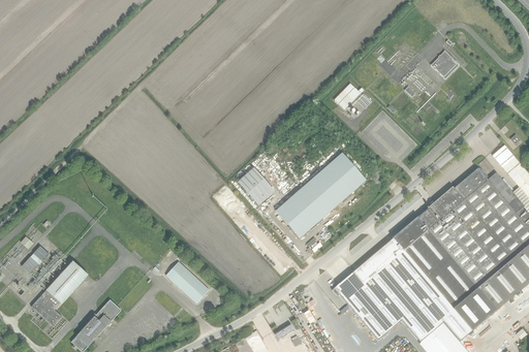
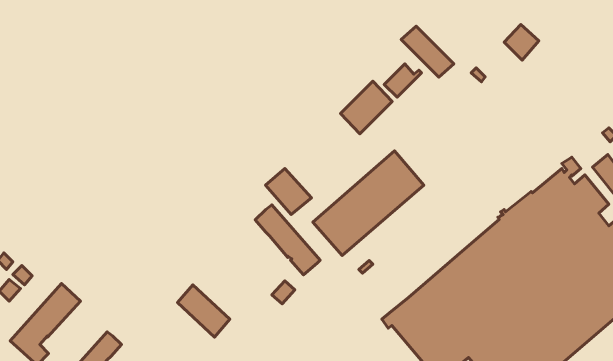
building: none -> [401,26,454,77]
building: none -> [341,81,392,134]
building: none -> [255,205,320,275]

